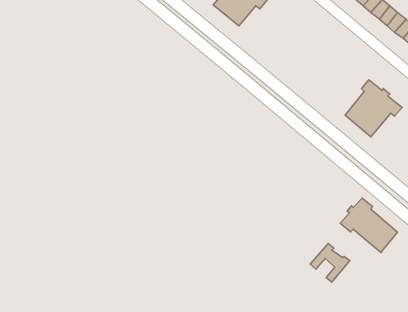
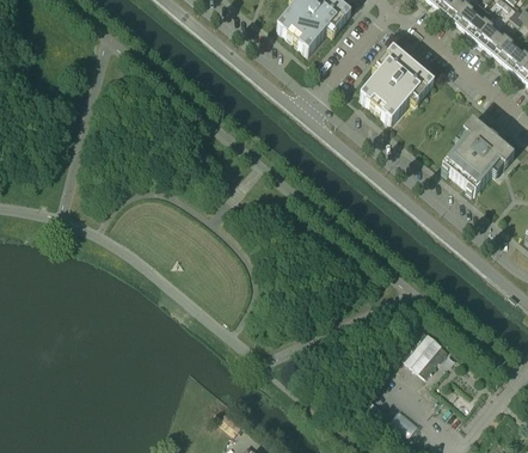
building: none -> [361,50,435,126]
building: [340,198,398,252] -> none

